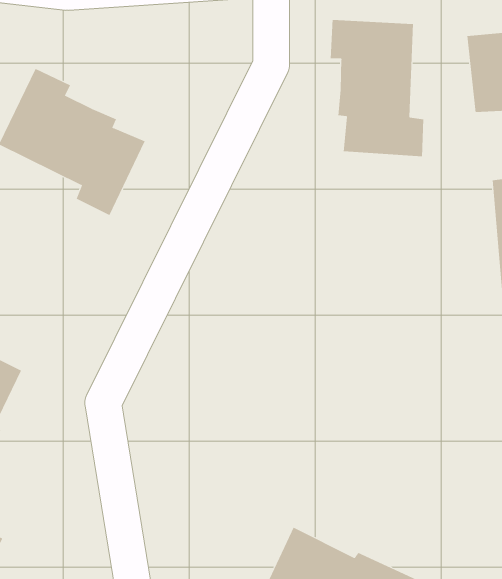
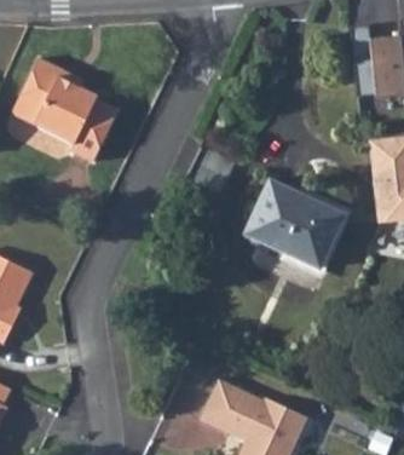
building: [330,19,424,157] -> none
building: none -> [244,178,346,269]

